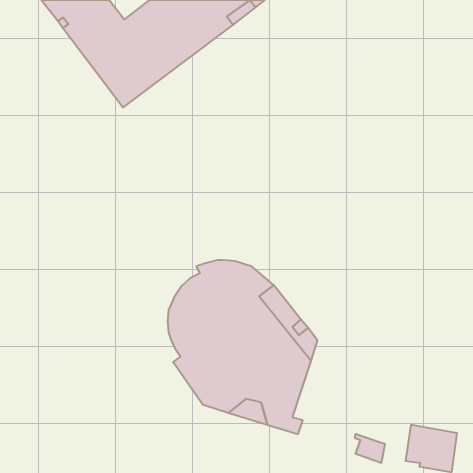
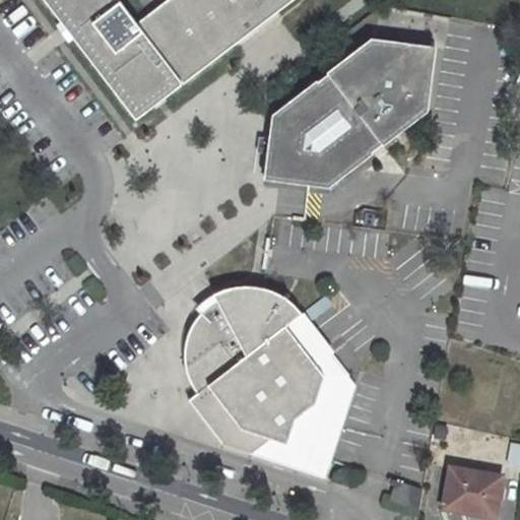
building: none -> [266,41,436,188]

